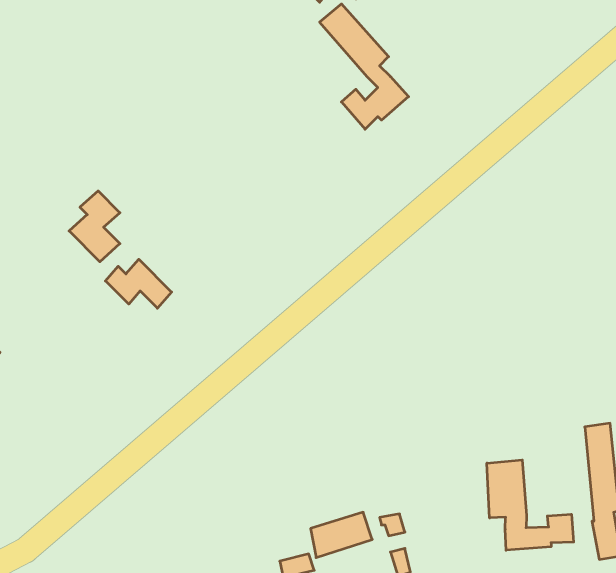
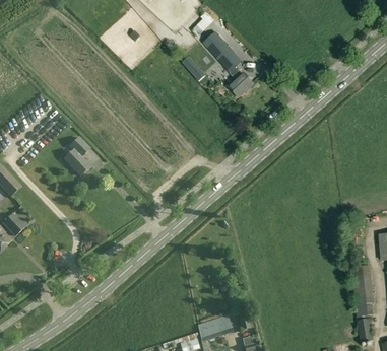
building: [105,259,172,308] -> none
building: [487,460,574,550] -> none

